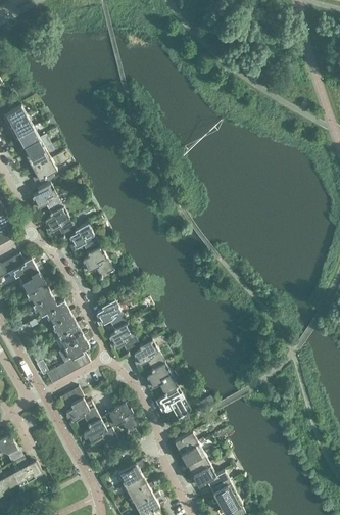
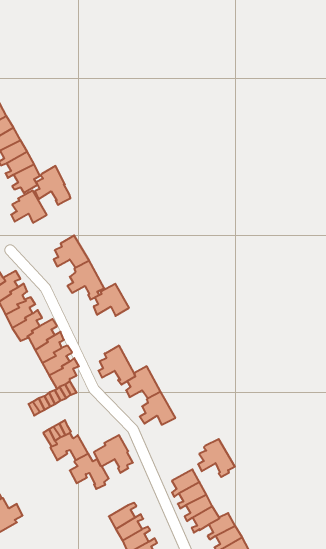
building: [44,205,76,240] -> [35,166,71,205]
building: [95,300,127,329] -> [94,284,129,316]
building: [158,386,191,420] -> [198,439,235,477]

